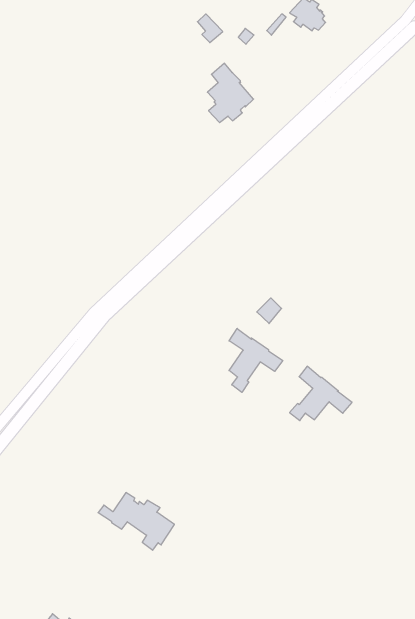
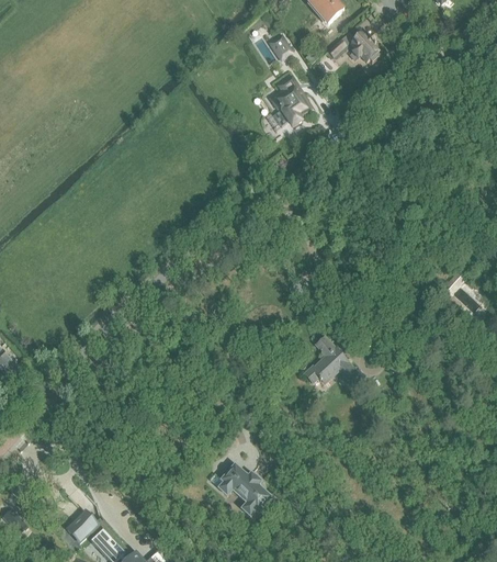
building: [229,328,283,392] -> none
building: [98,493,174,550] -> [208,465,270,516]

